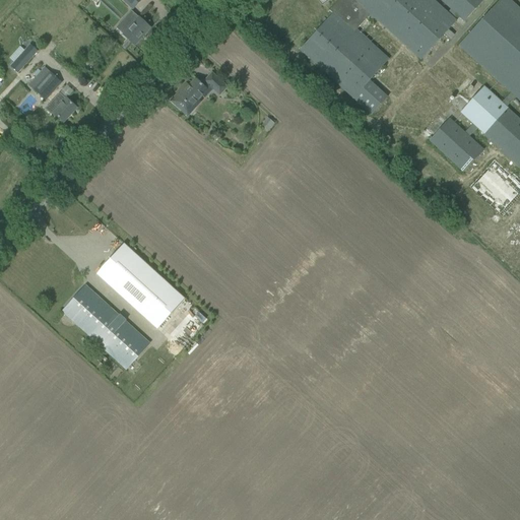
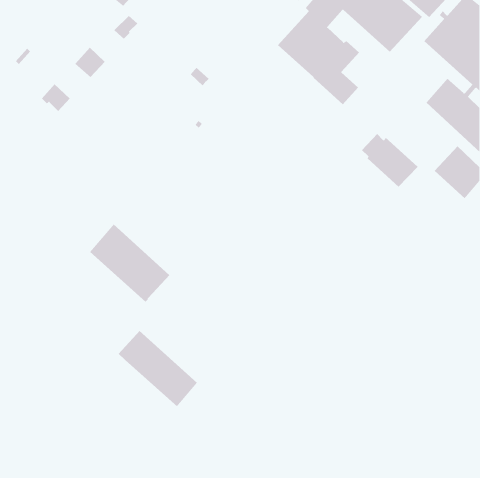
building: [27,65,61,99] -> [75,47,106,78]
building: [171,77,208,113] -> none
building: [422,112,484,171] -> [361,133,418,188]
building: [62,284,148,368] -> [118,330,198,407]

